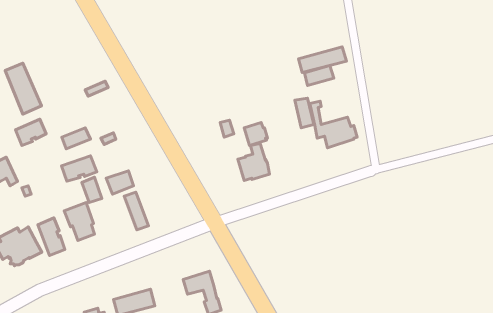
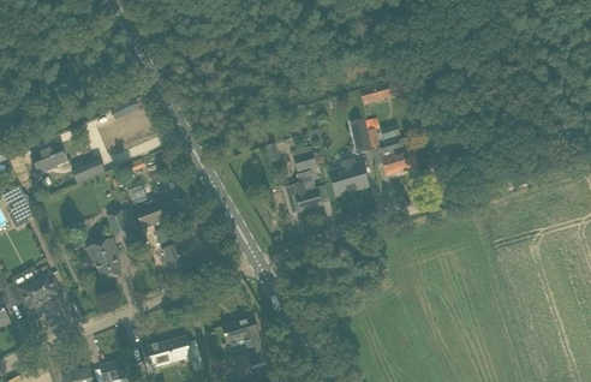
building: [298,47,346,73] -> none
building: [5,63,41,114] -> none
building: none -> [328,160,369,197]
building: [61,156,97,181] -> none
building: [38,218,65,255] -> none

